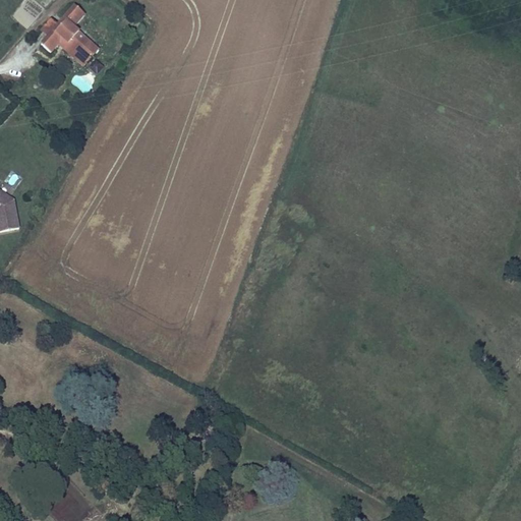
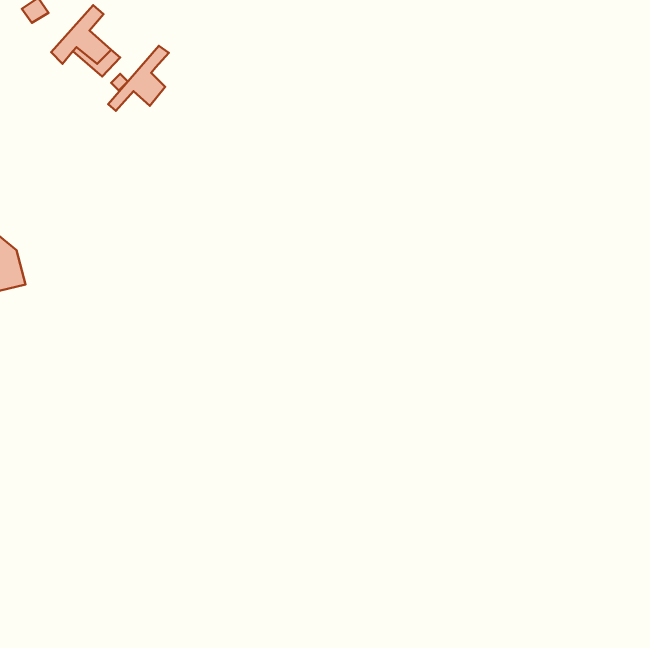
building: none -> [108,46,169,111]

